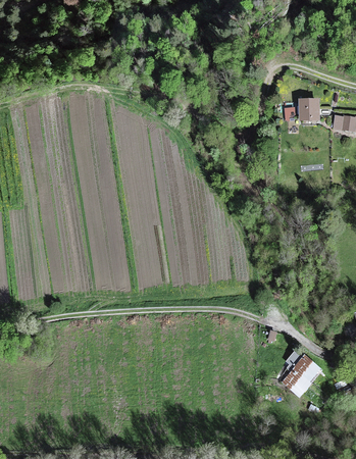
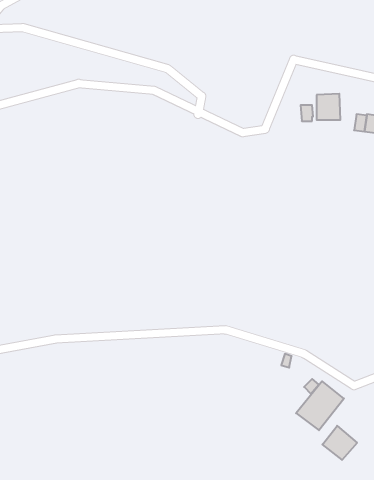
building: none -> [322,426,357,460]

